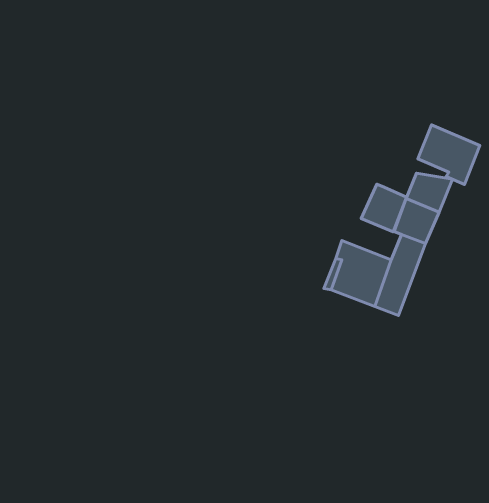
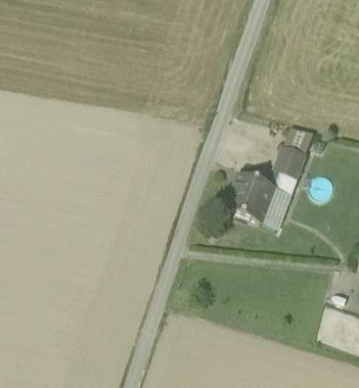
building: [418,125,480,185] -> none
building: [361,184,407,232] -> none

